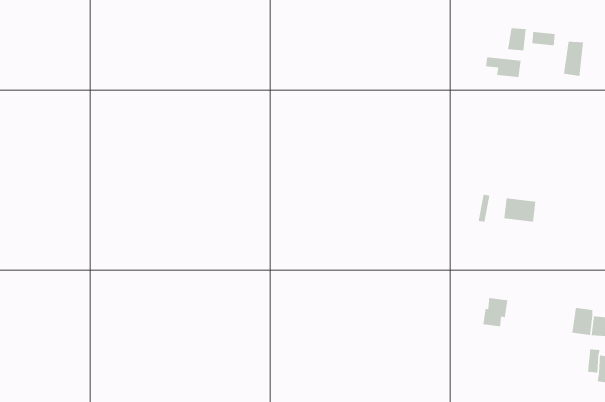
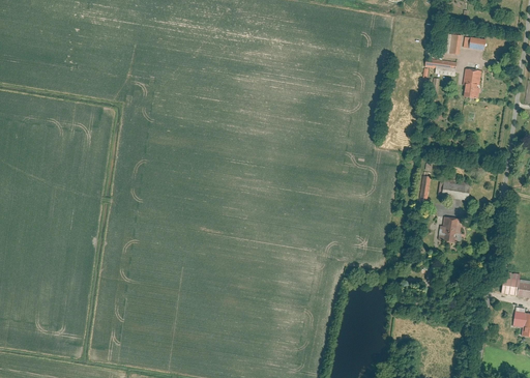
building: [563,41,584,76] -> [463,69,480,99]
building: [483,298,508,327] -> [439,216,461,241]

